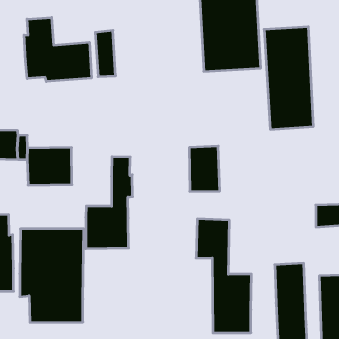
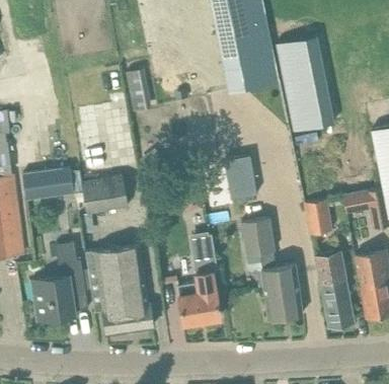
building: [24,17,91,82] -> none
building: [86,157,133,249] -> [178,238,221,324]
building: none -> [305,200,332,236]

